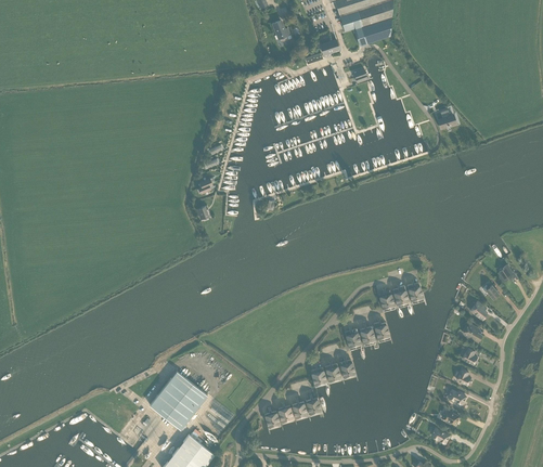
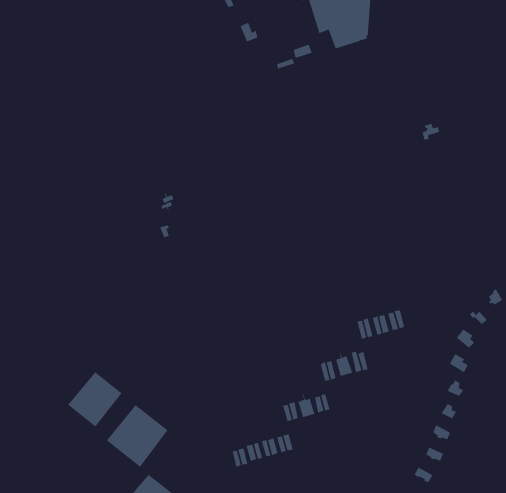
building: none -> [67,371,122,428]

